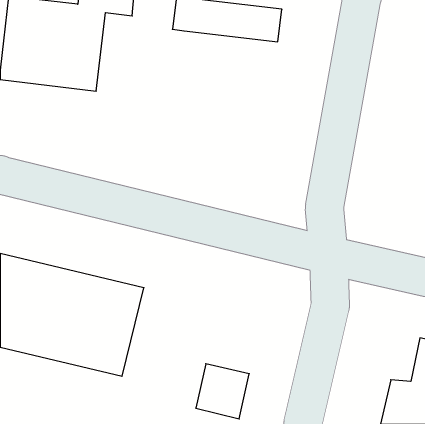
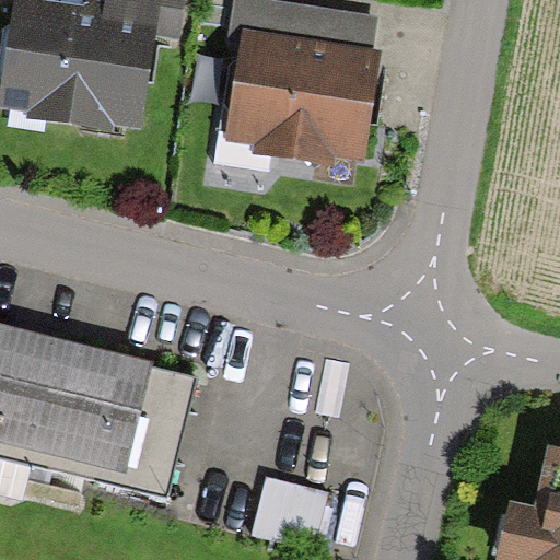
building: none -> [231,40,366,159]

